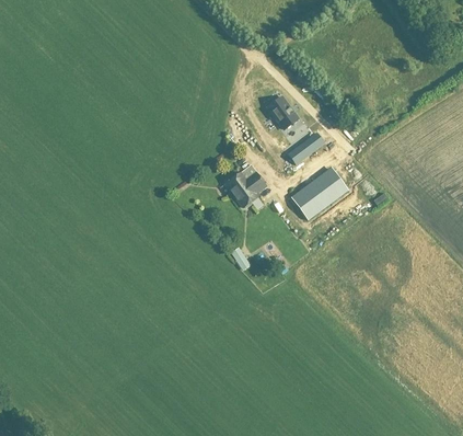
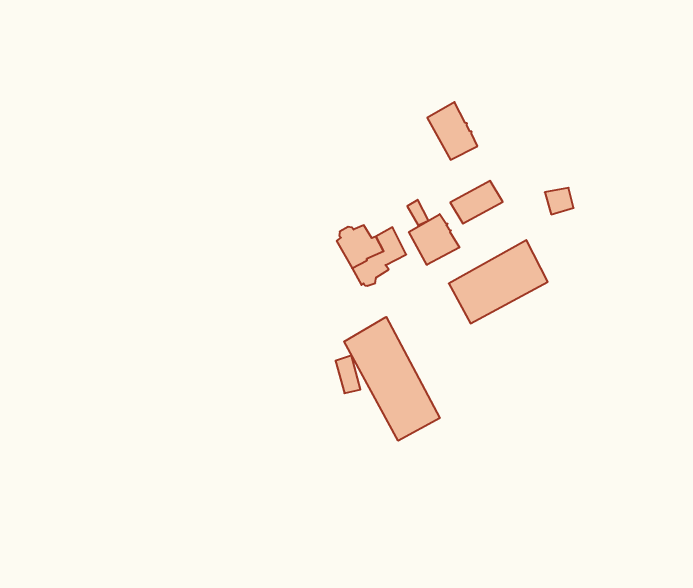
building: none -> [409,214,459,265]
building: none -> [344,317,440,441]

